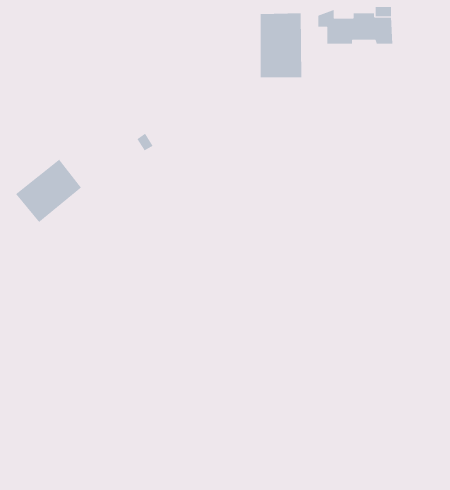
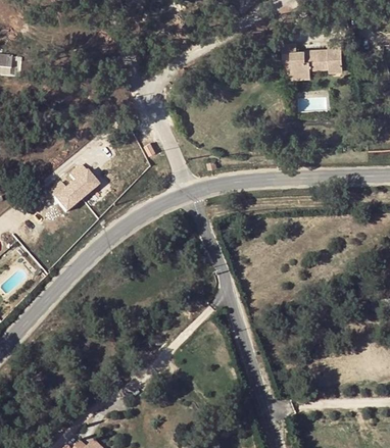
building: [260,12,302,78] -> none

